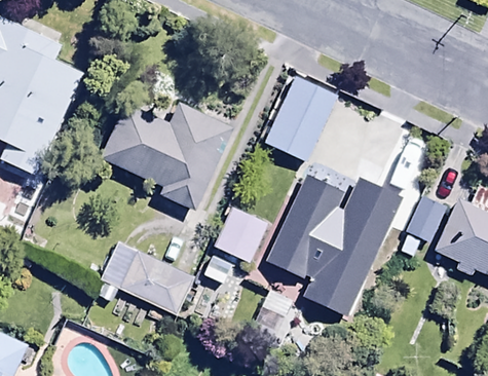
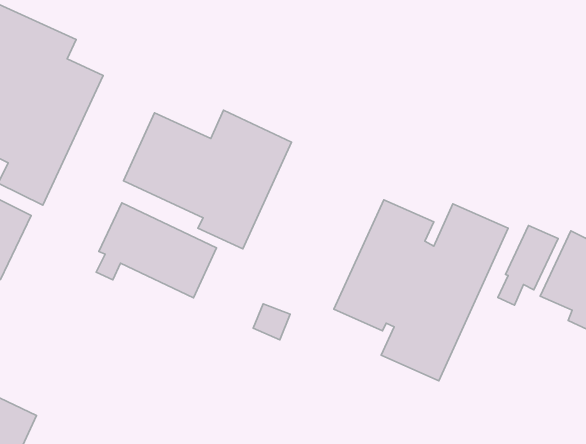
building: [262,71,340,160] -> none
building: [213,204,267,262] -> none
building: [98,241,194,317] -> [96,203,217,298]

